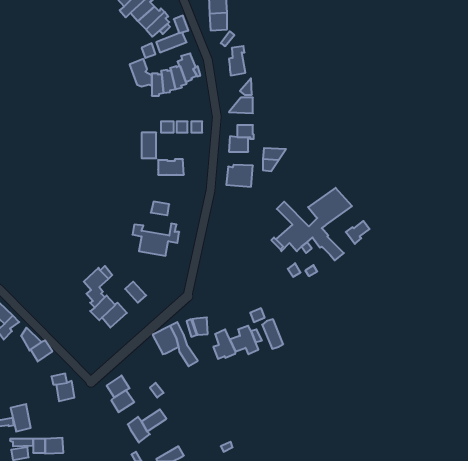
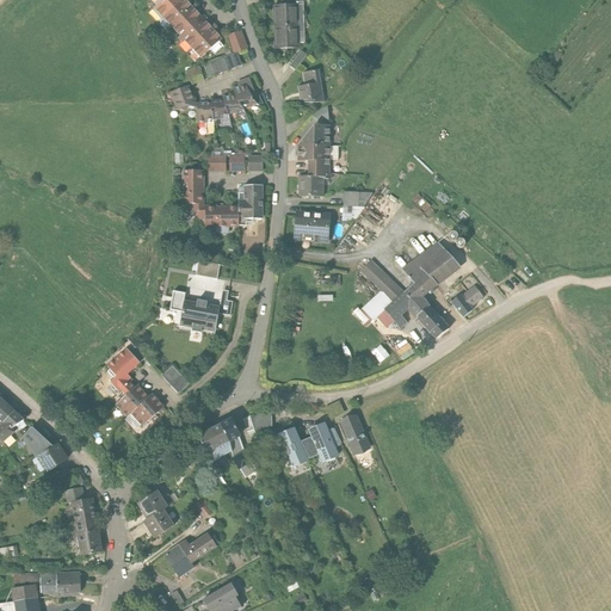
building: none -> [297,146,328,162]
building: none -> [237,186,263,227]
building: [11,404,31,432] -> [76,516,103,551]

